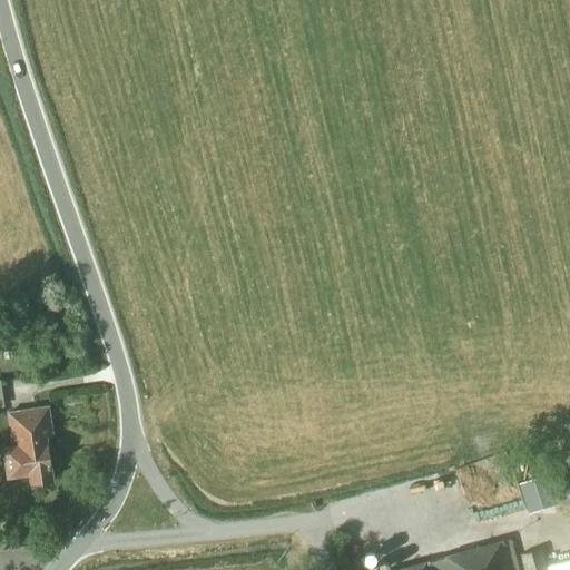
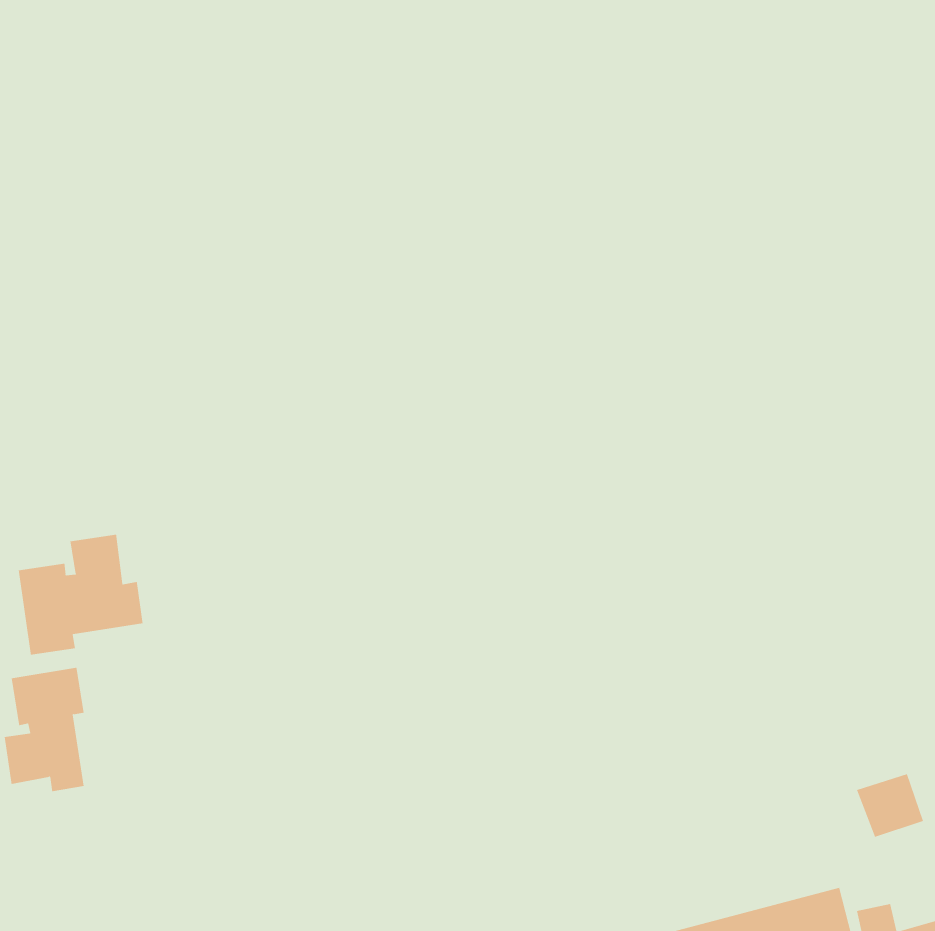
building: none -> [18,534,143,656]

